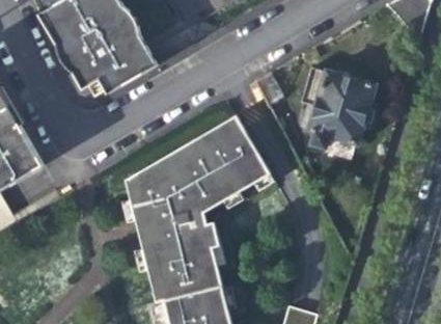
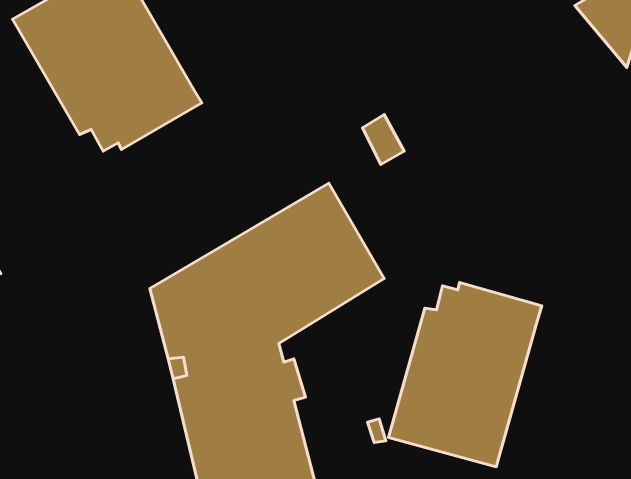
building: [300,68,374,154] -> none
building: none -> [388,283,542,467]

